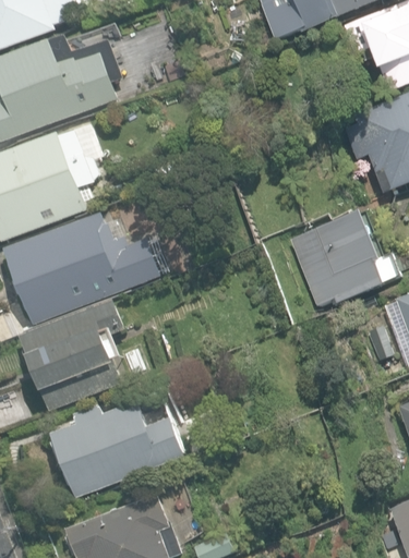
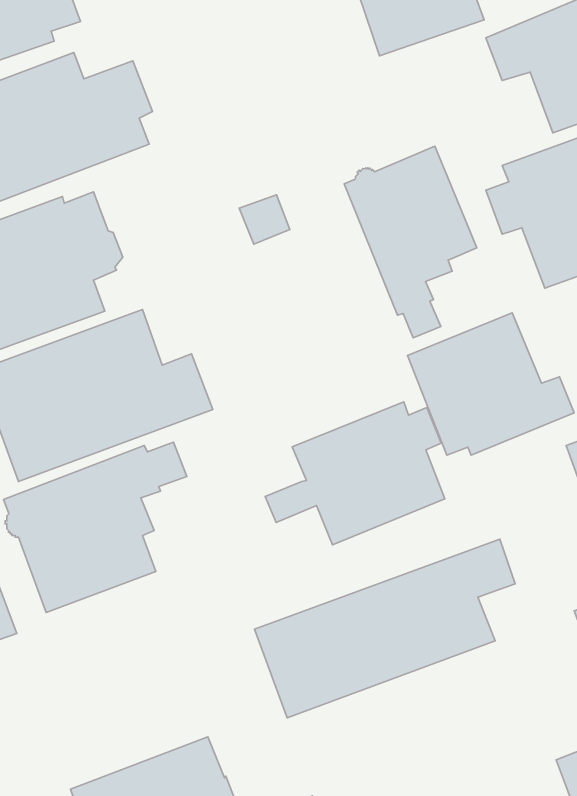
building: none -> [344,146,477,338]
building: none -> [265,402,445,545]
building: none -> [255,539,515,718]
building: [49,403,184,497] -> none

